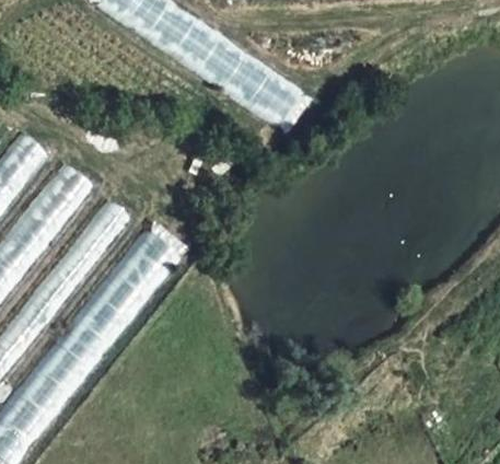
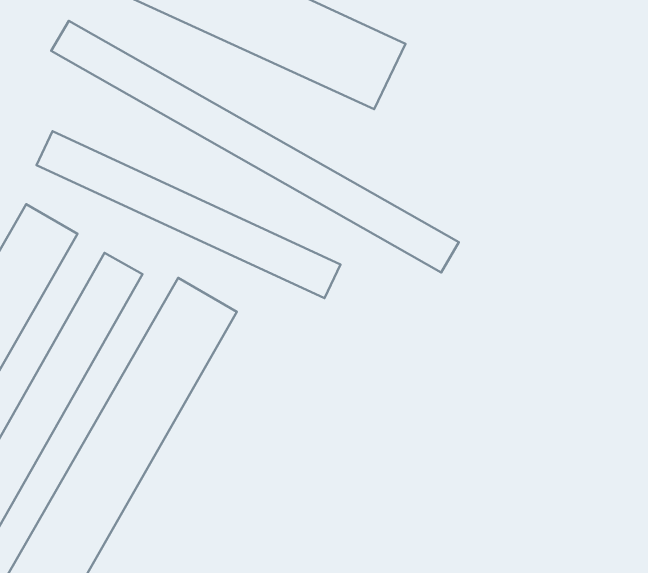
building: none -> [51,21,459,272]
building: none -> [37,131,340,298]

